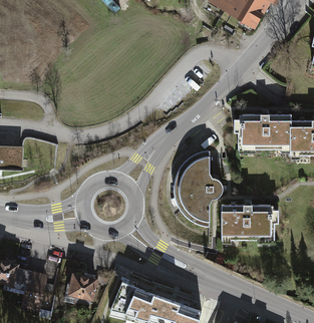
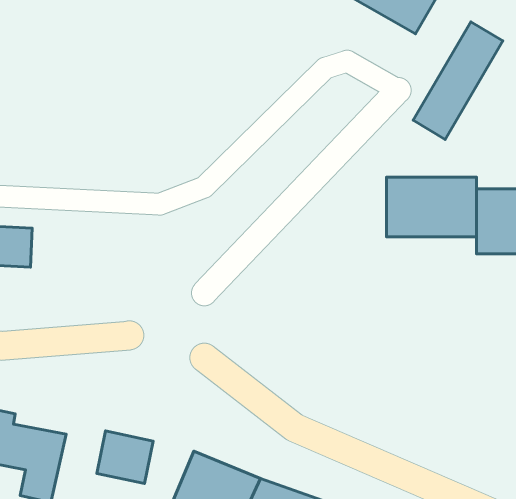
building: none -> [413,22,503,139]
building: [175,149,223,226] -> none
building: [221,211,279,244] -> none

